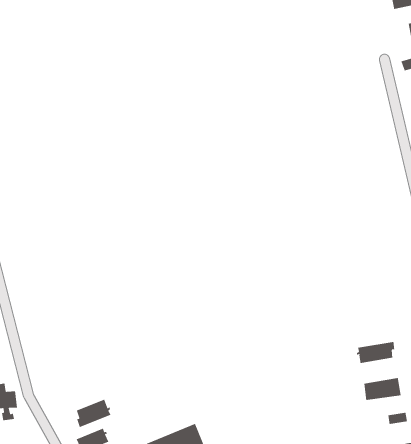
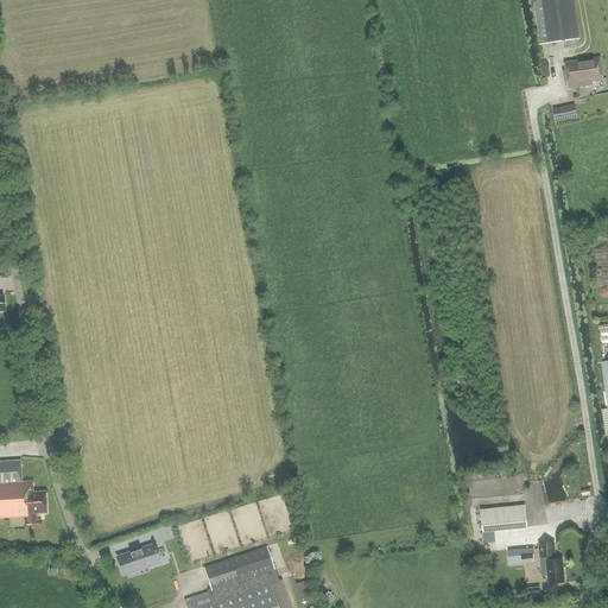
building: [356,341,395,364] -> none
building: [76,399,111,428] -> none

